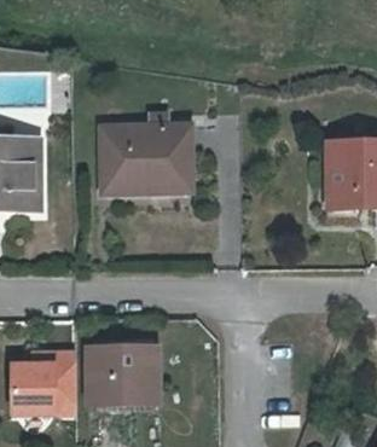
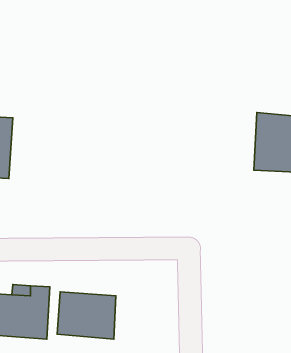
building: [102,129,196,197] -> none

